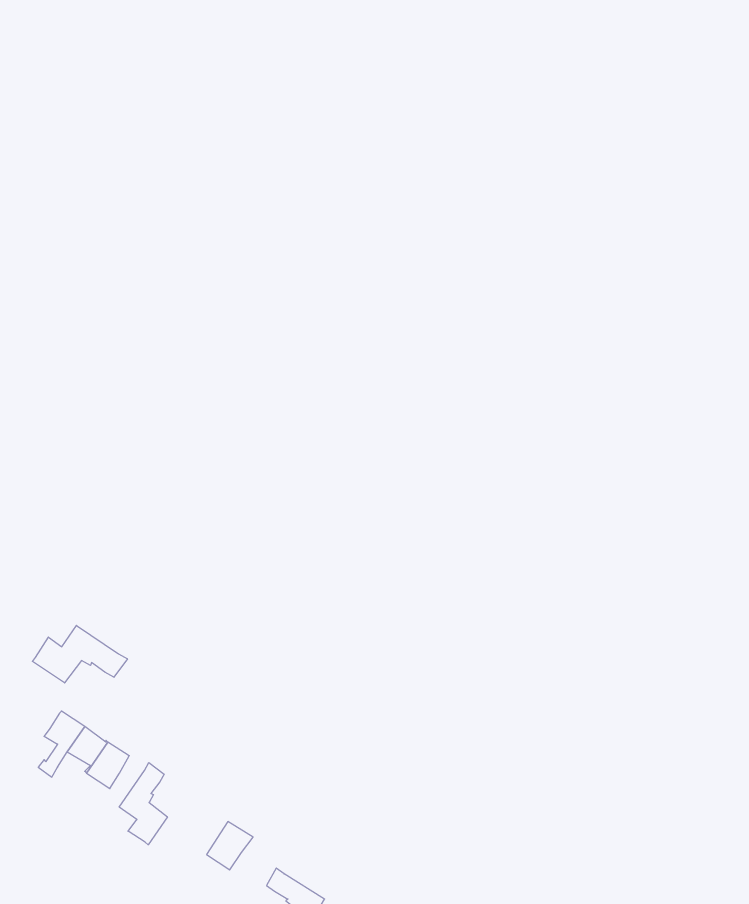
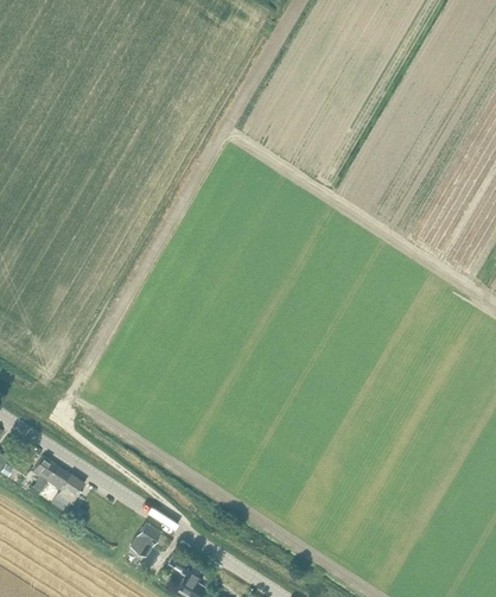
building: [32,625,127,683] -> none
building: [119,763,167,845] -> none

